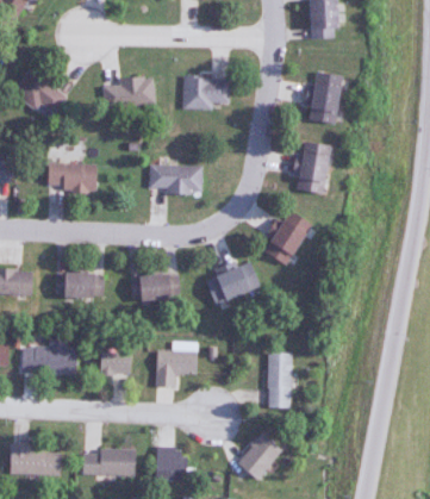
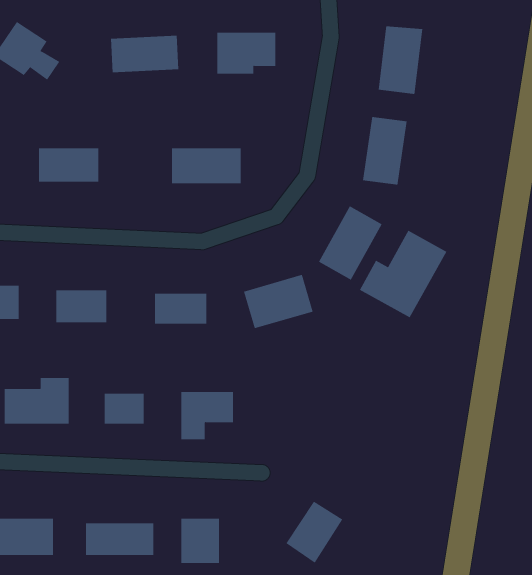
building: none -> [359,230,447,318]
building: [267,353,292,408] -> none

